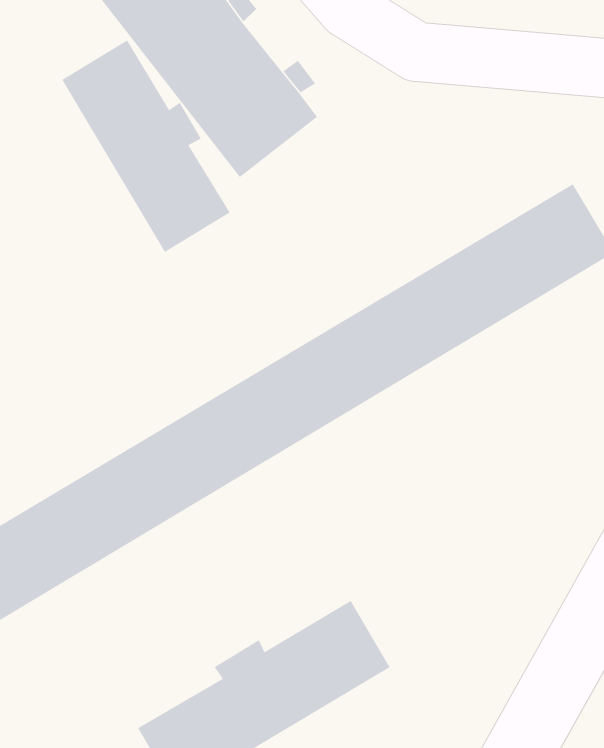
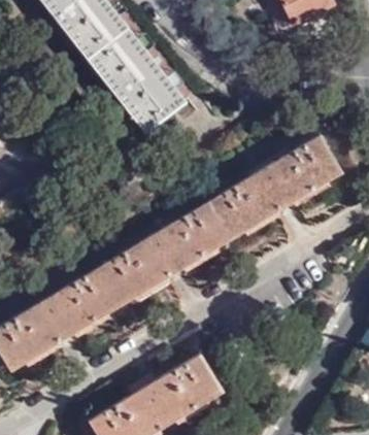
building: [61,40,231,253] -> none

